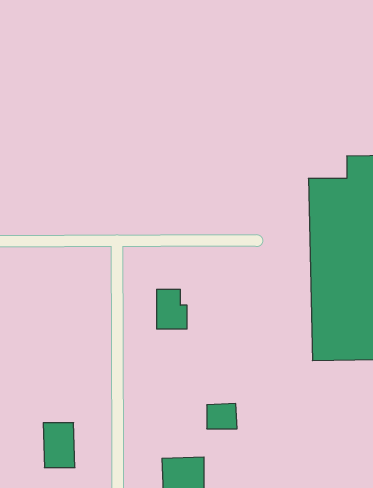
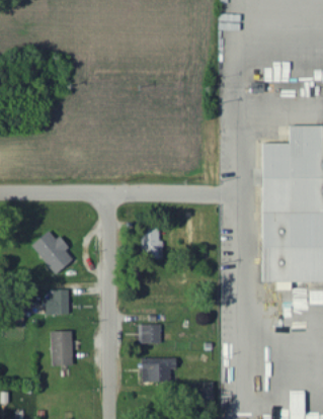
building: none -> [30,229,74,275]
building: none -> [44,289,69,315]
building: [207,404,237,429] -> [138,324,161,343]

